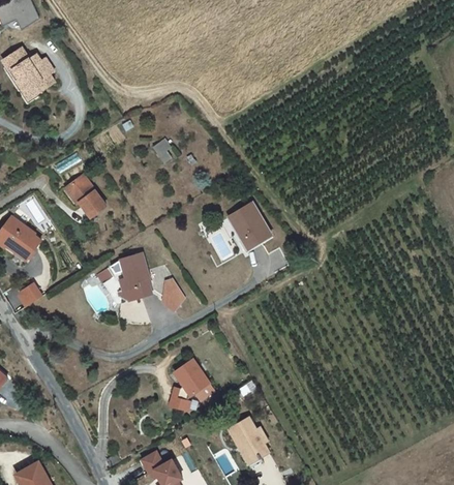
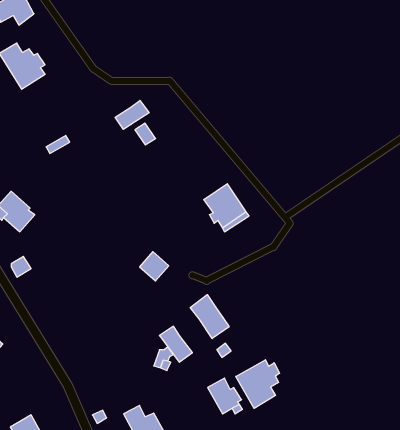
building: none -> [115,100,149,129]
building: [63,170,108,216] -> none
building: [96,255,151,305] -> none
building: none -> [190,295,229,339]
building: none -> [236,360,280,408]

